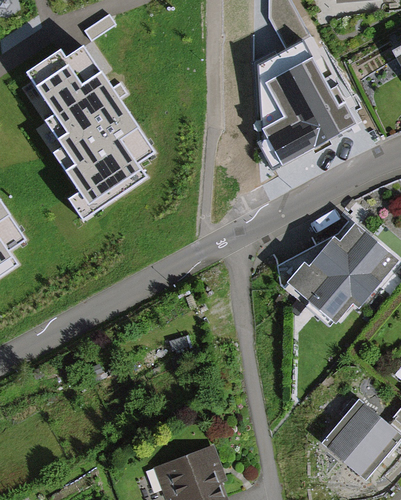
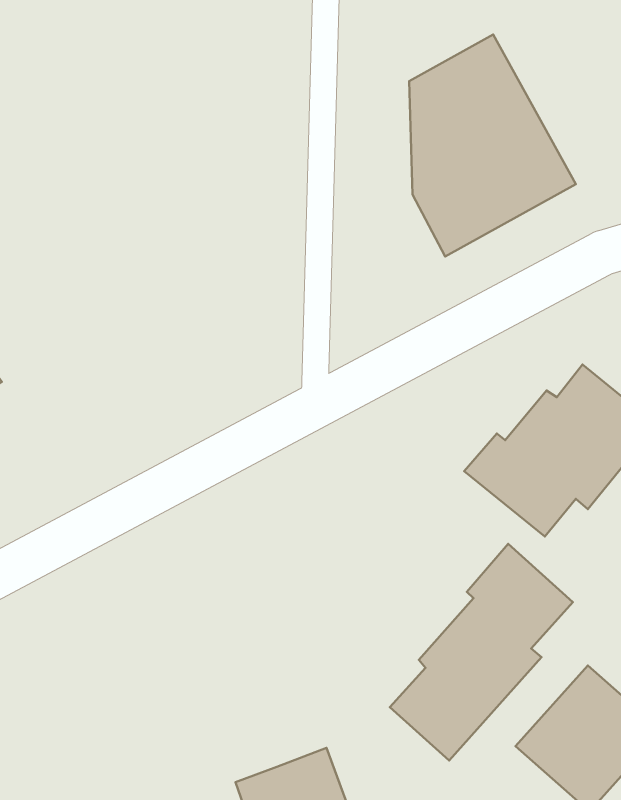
building: [24,45,149,216] -> none
building: none -> [390,544,573,760]

